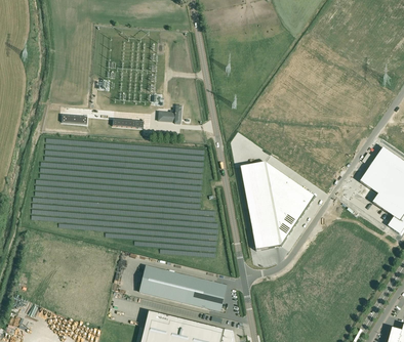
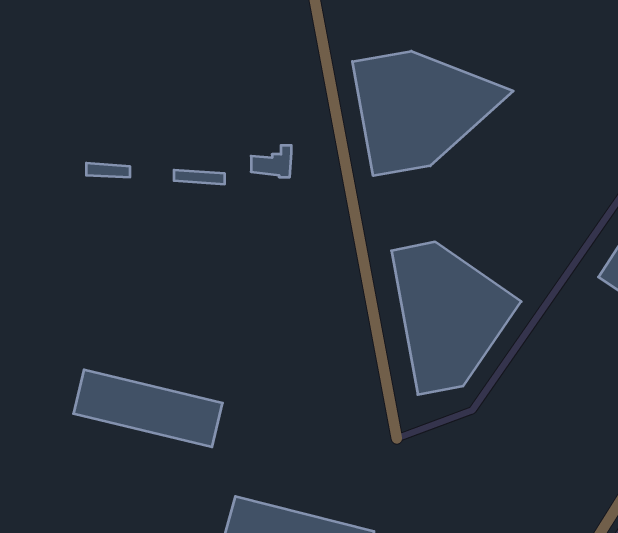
building: none -> [352,51,513,176]
building: [139,266,227,311] -> [73,370,223,447]

